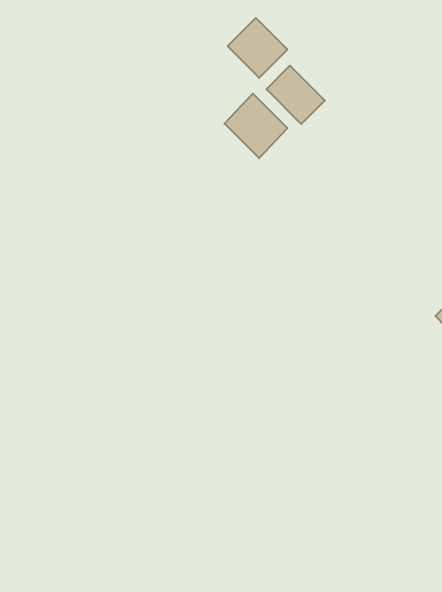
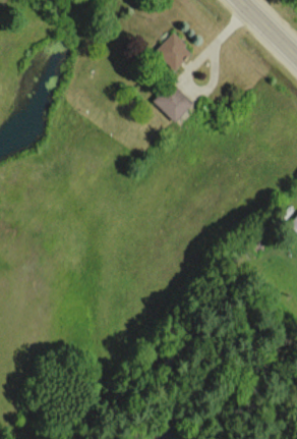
building: [266,66,325,124] -> none

